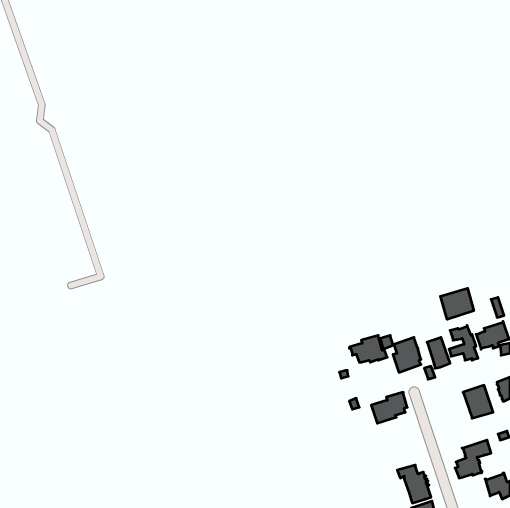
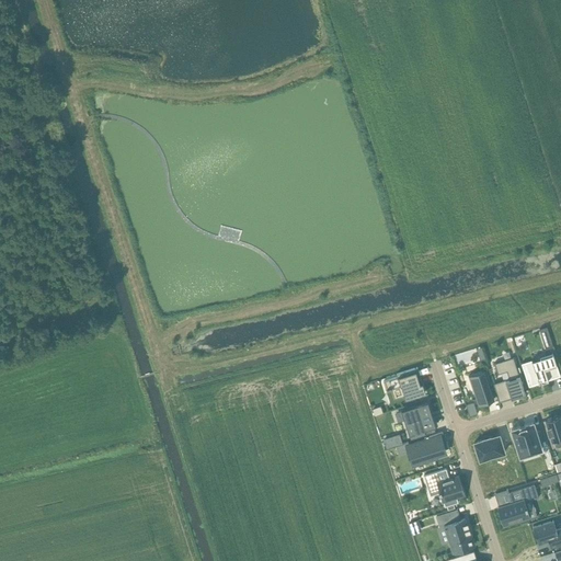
building: [440,288,474,319] -> none
building: [393,337,421,372] -> [404,403,435,442]
building: none -> [474,436,505,462]
building: none -> [424,470,465,507]

